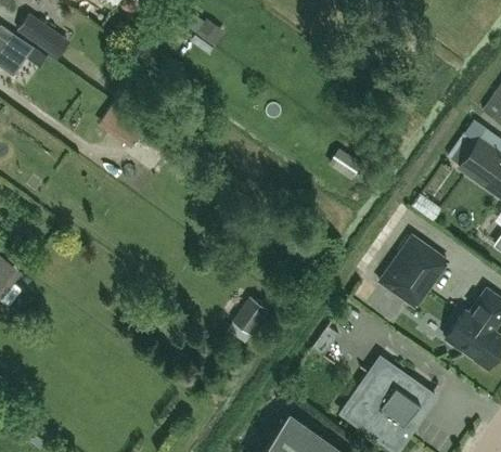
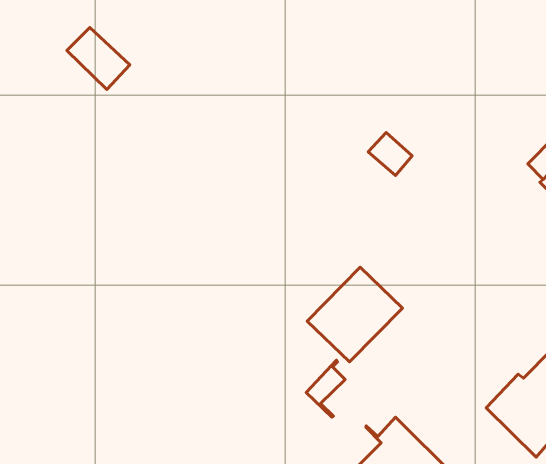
building: [378,236,447,307] -> [307,267,403,362]
building: [231,298,268,338] -> none

